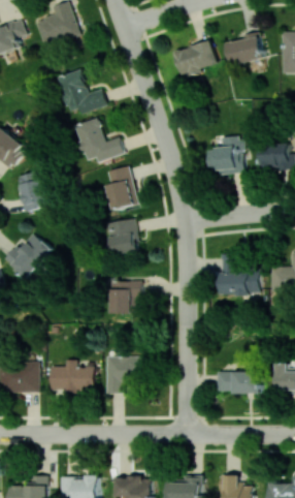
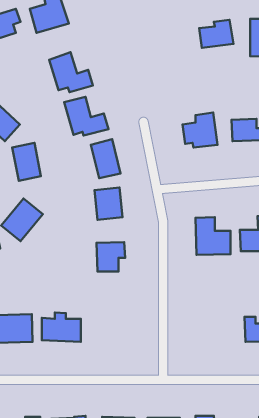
building: [173,40,216,75] -> none
building: [104,355,141,393] -> none
building: [216,371,260,393] -> none

